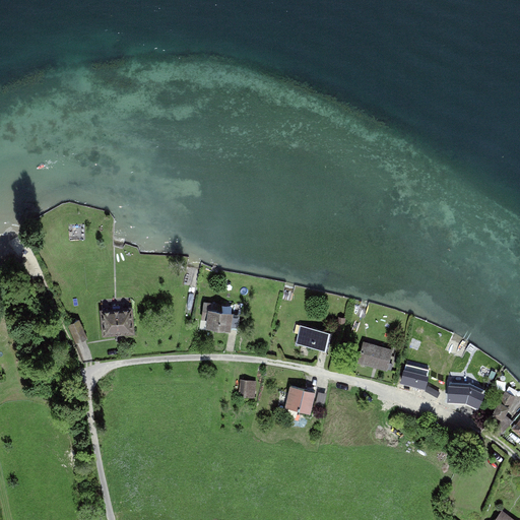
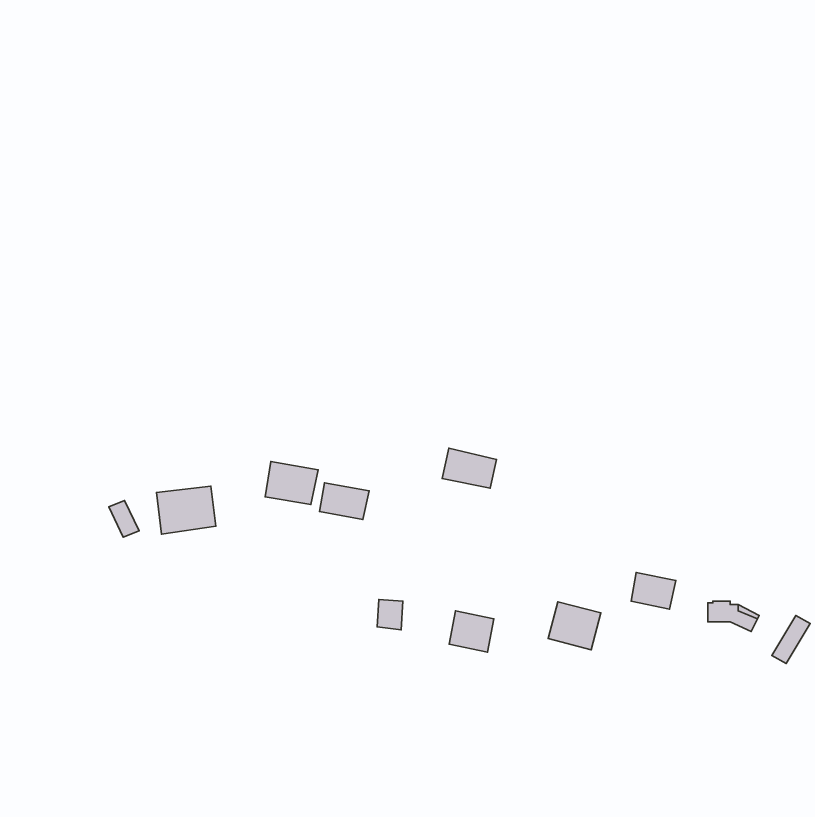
building: none -> [265,461,318,505]
building: [296,326,330,351] -> [442,448,497,488]
building: [356,342,390,373] -> [548,602,601,650]

